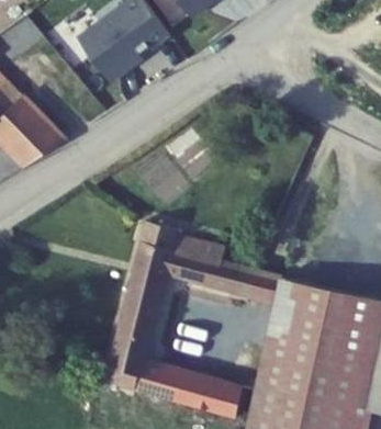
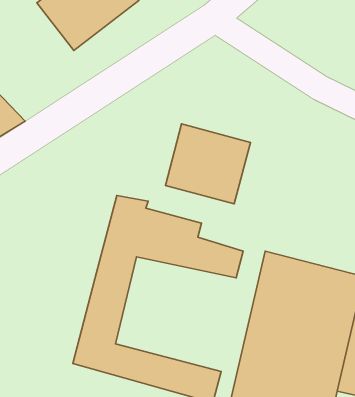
building: none -> [165,124,250,204]

